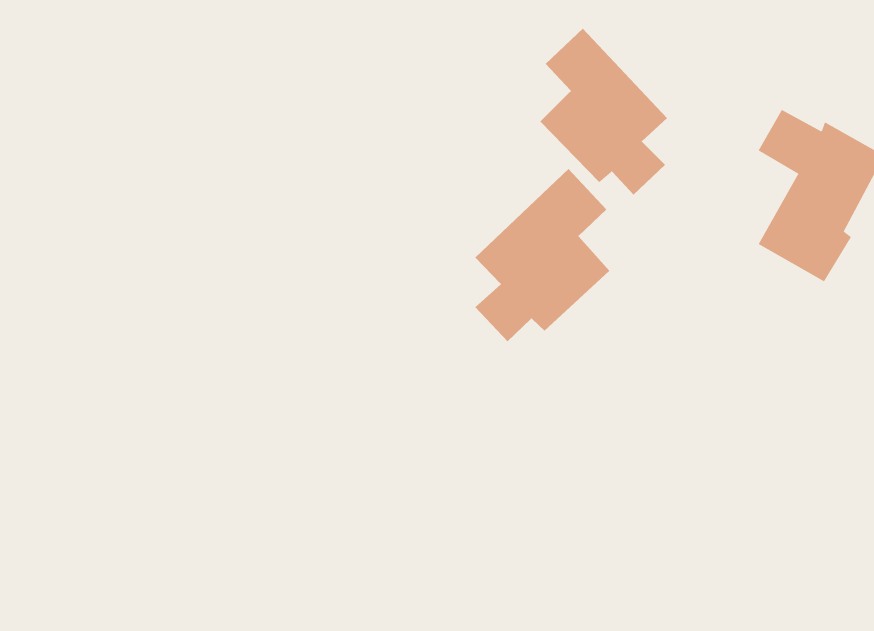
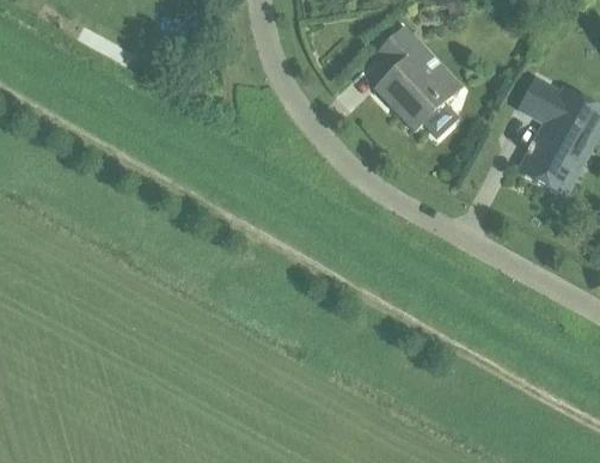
building: [474,168,610,342] -> none

